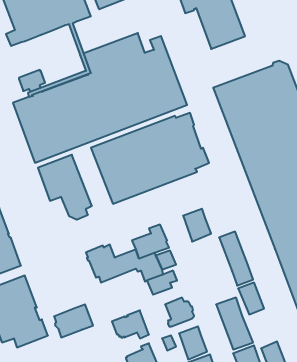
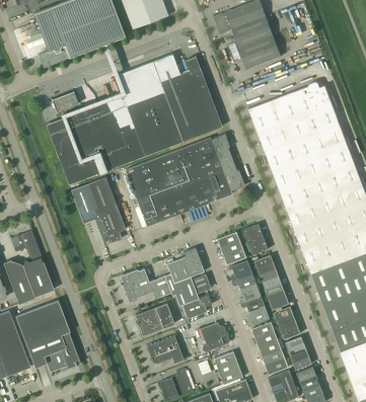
building: none -> [242,224,269,255]
building: none -> [230,260,270,326]
building: [54,304,93,337] -> [135,303,174,336]
building: none -> [286,336,312,370]

